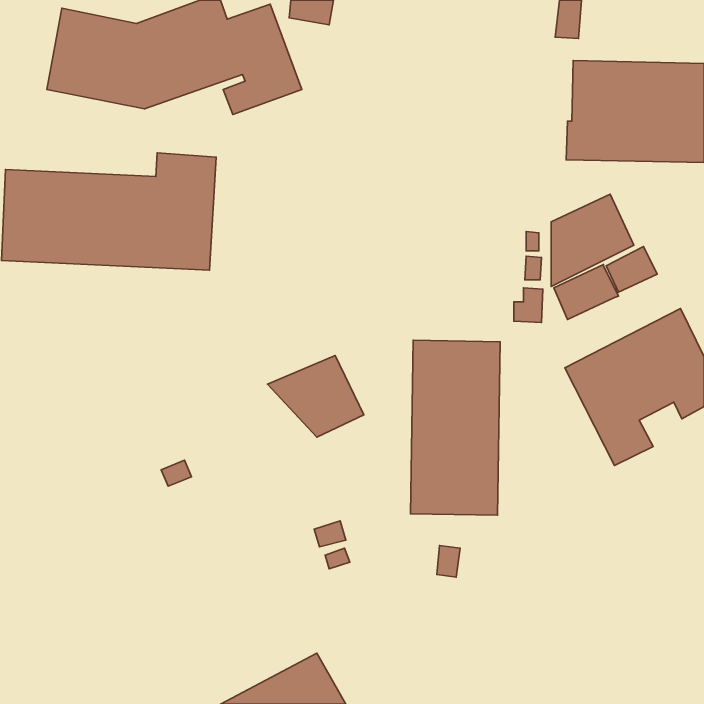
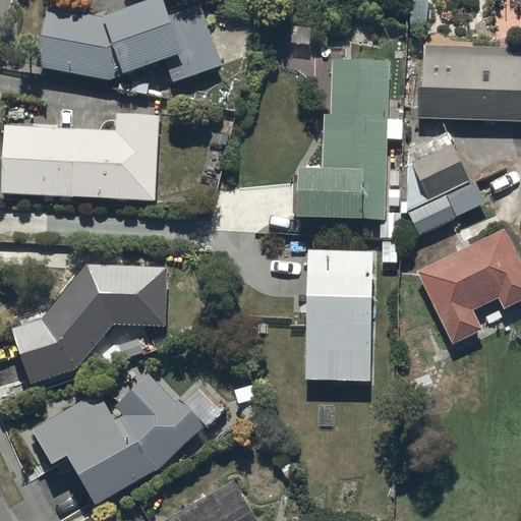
building: none -> [295,59,403,218]
building: [268,355,364,437] -> none
building: none -> [10,264,167,385]
building: none -> [30,374,204,506]

